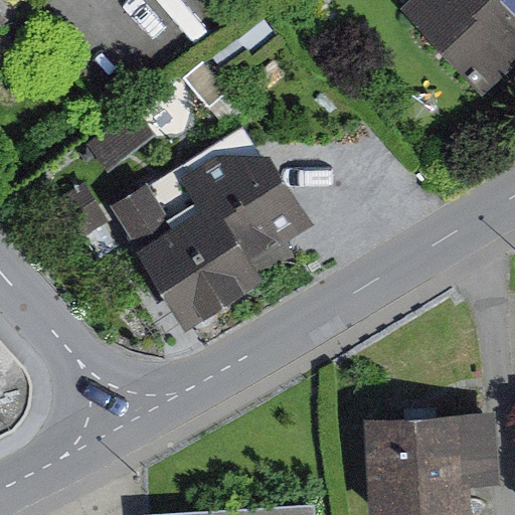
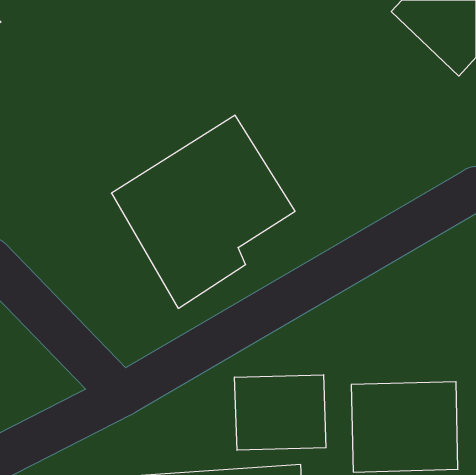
building: none -> [235,375,326,450]

